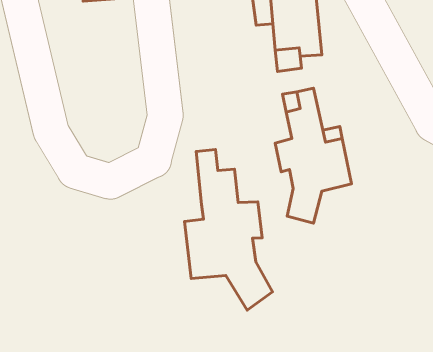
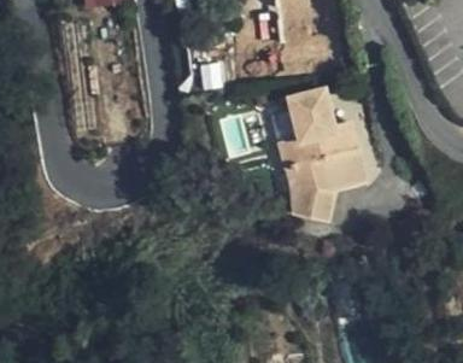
building: [184,149,273,310] -> none

